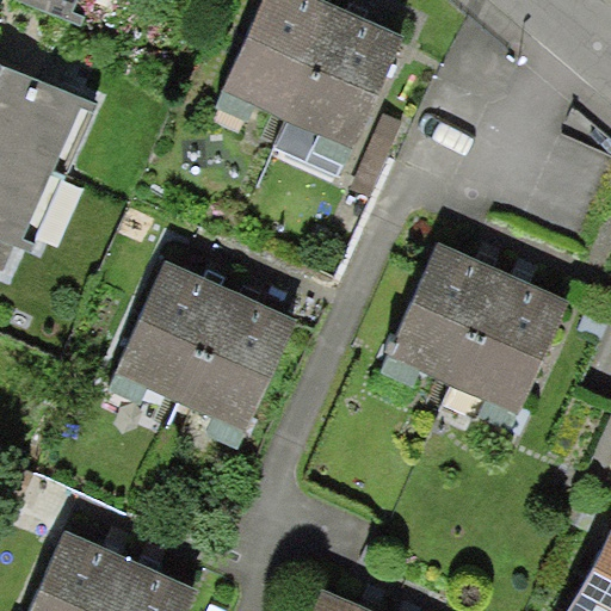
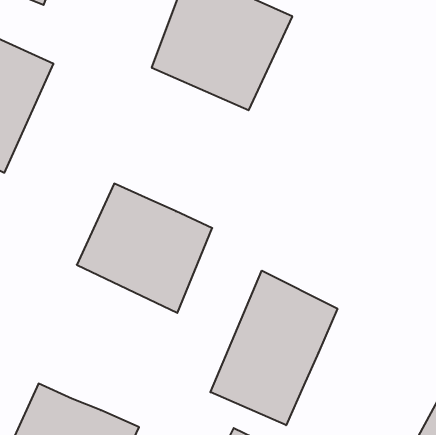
building: [388,245,569,414] -> none
building: none -> [210,271,337,425]

